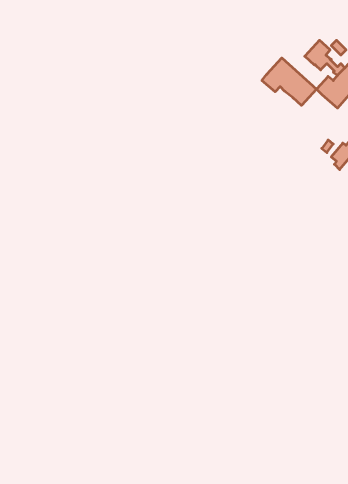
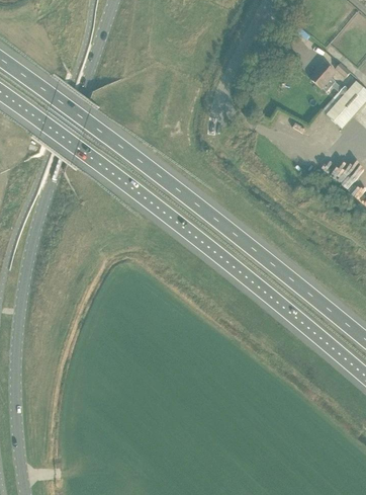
building: [262,58,316,105] -> none

